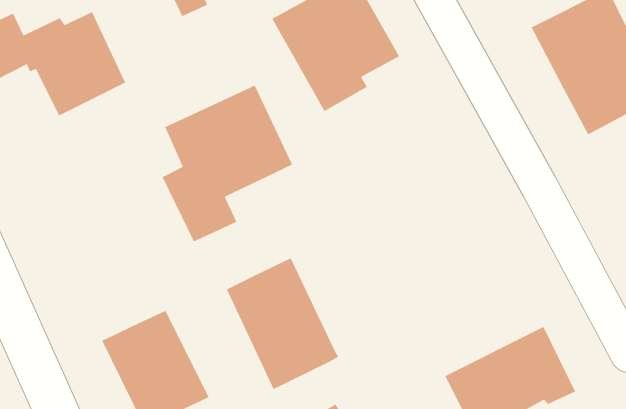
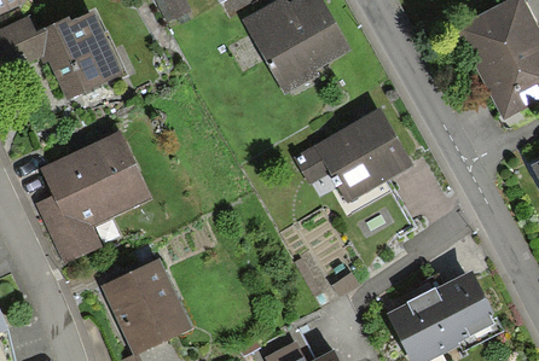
building: [161,84,293,243] -> [41,130,150,261]
building: none -> [301,107,411,208]
building: [226,257,339,390] -> none

